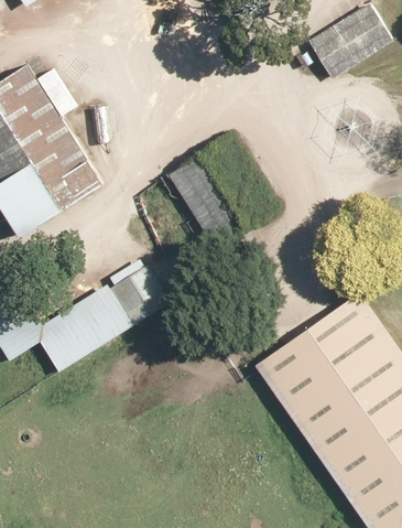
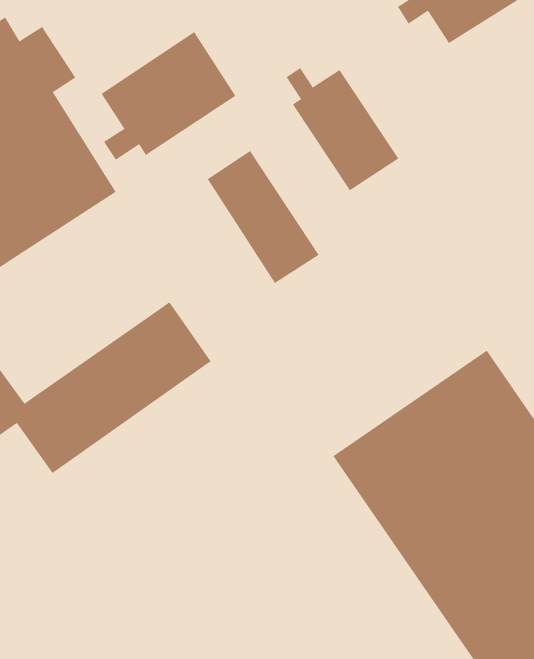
building: none -> [101,31,236,160]
building: none -> [286,67,399,191]

